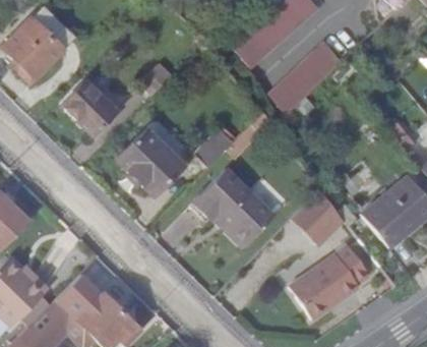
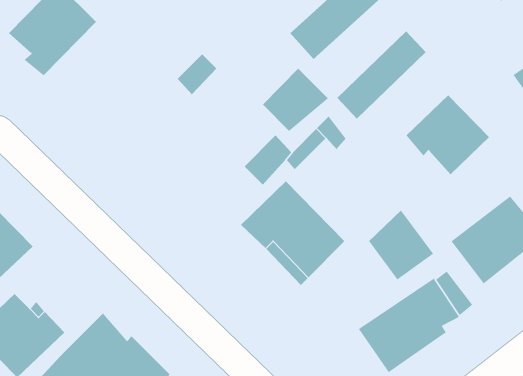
building: none -> [262,68,329,132]
building: [66,80,118,132] -> none
building: none -> [406,94,490,175]
building: [122,127,186,191] -> none

